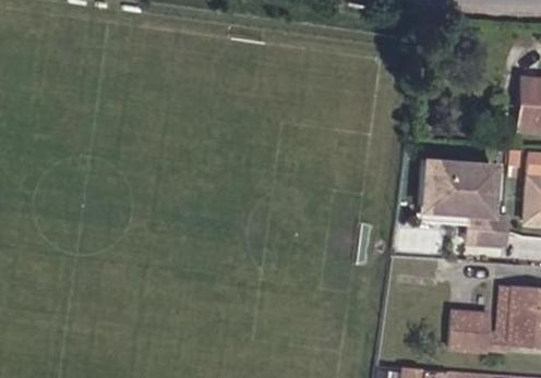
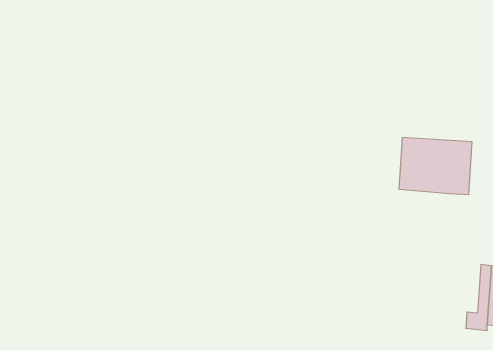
building: [468,214,507,247] -> none
building: [452,313,490,350] -> none

